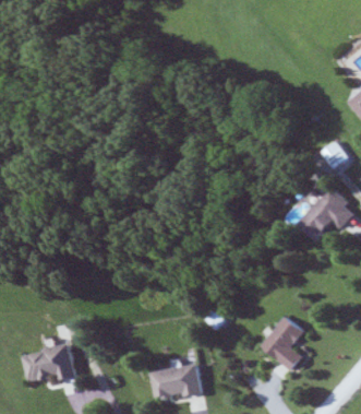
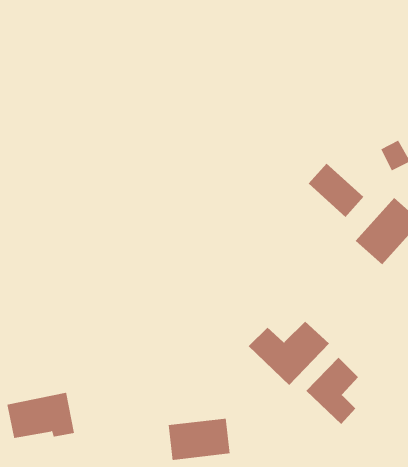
building: none -> [308,163,364,218]
building: none -> [248,321,330,386]

